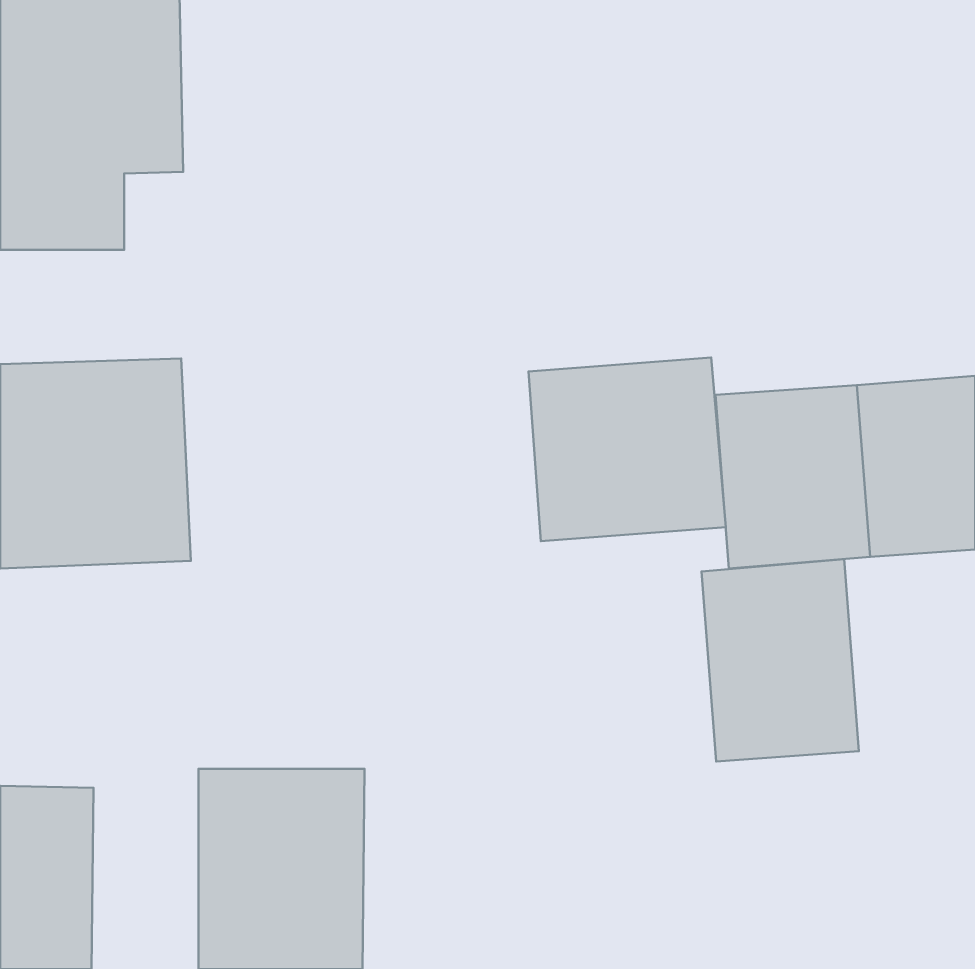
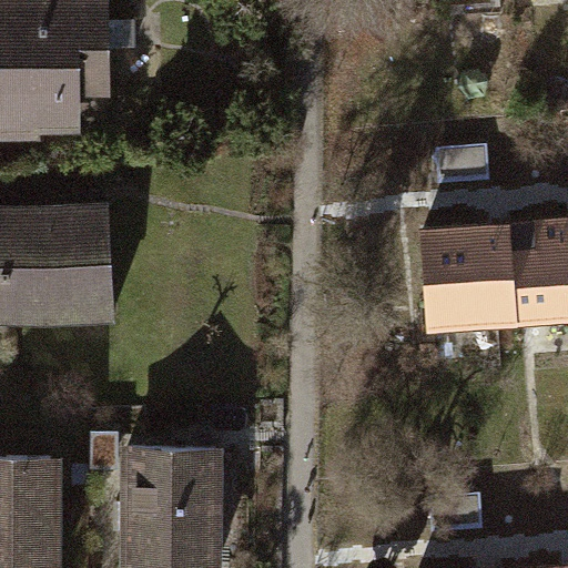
building: [528,358,726,541] -> none
building: [702,559,859,761] -> none

